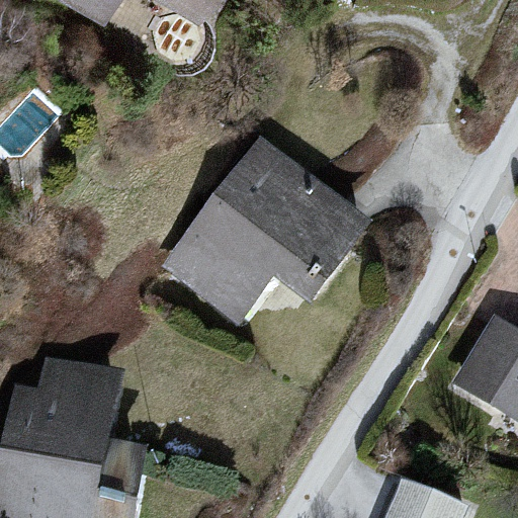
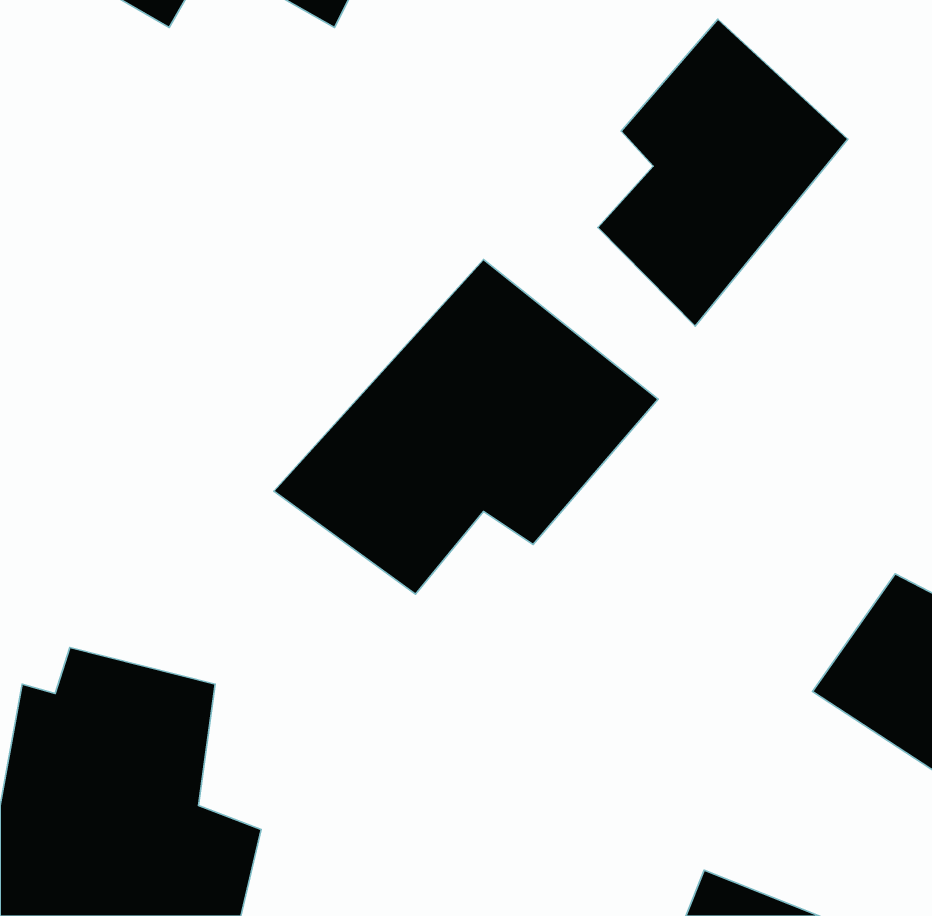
building: none -> [598,19,848,326]

